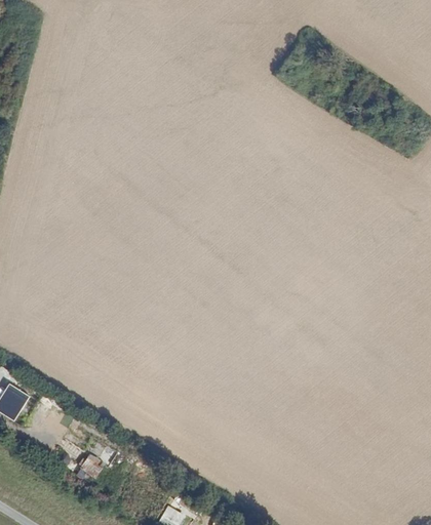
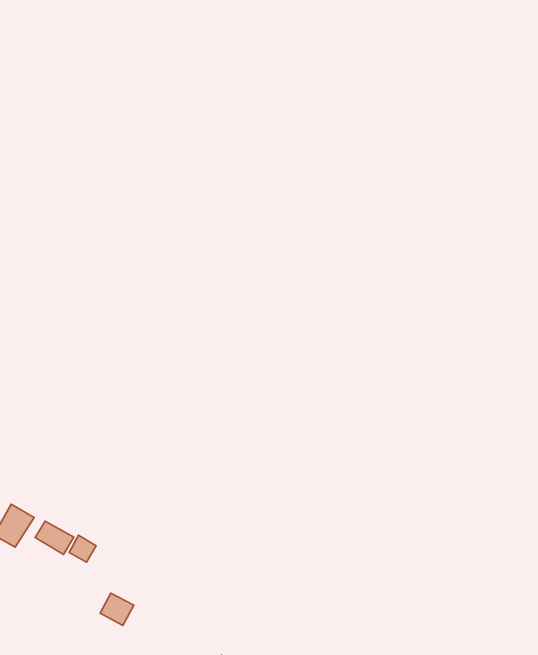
building: none -> [35,521,74,555]

